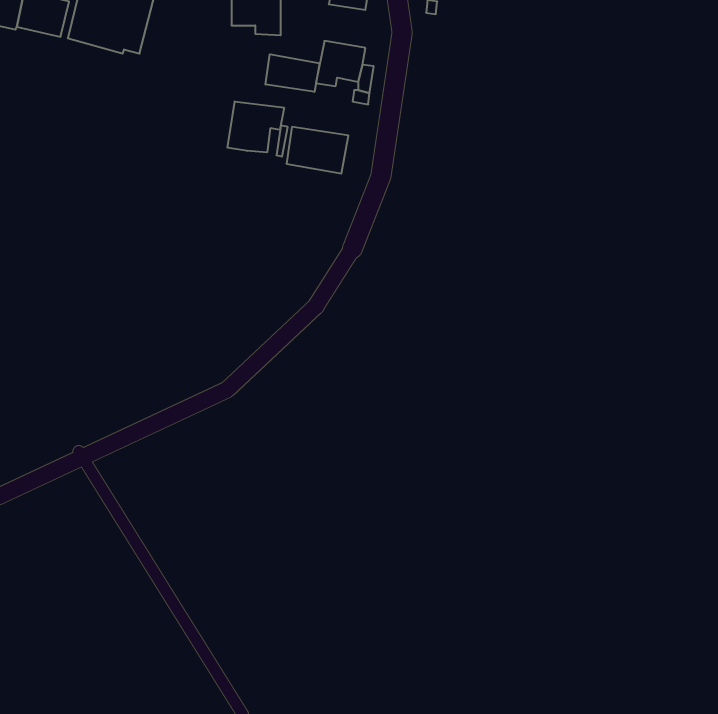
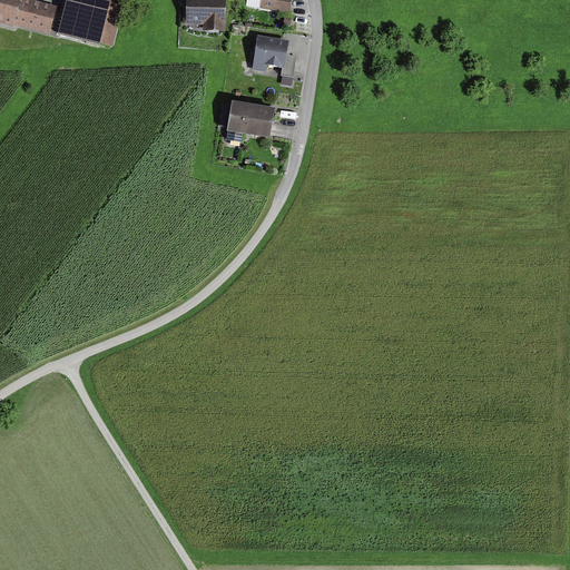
building: [266,54,319,92] -> none
building: [228,101,284,152] -> none

